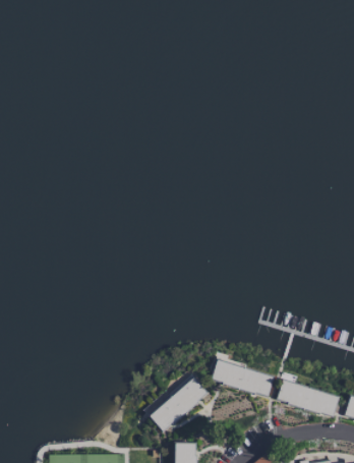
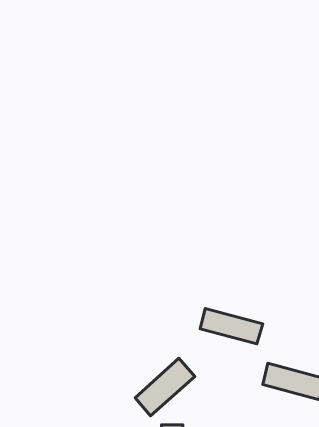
building: [212,359,275,395] -> [200,309,263,344]

